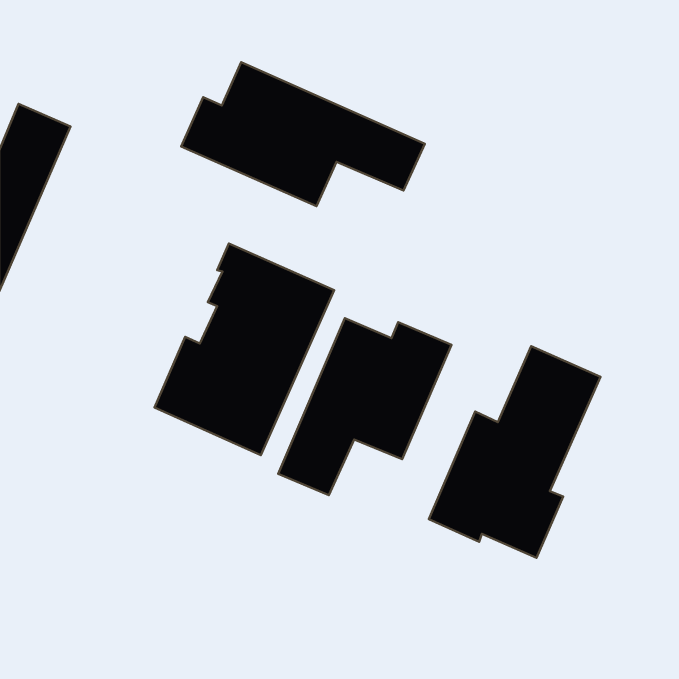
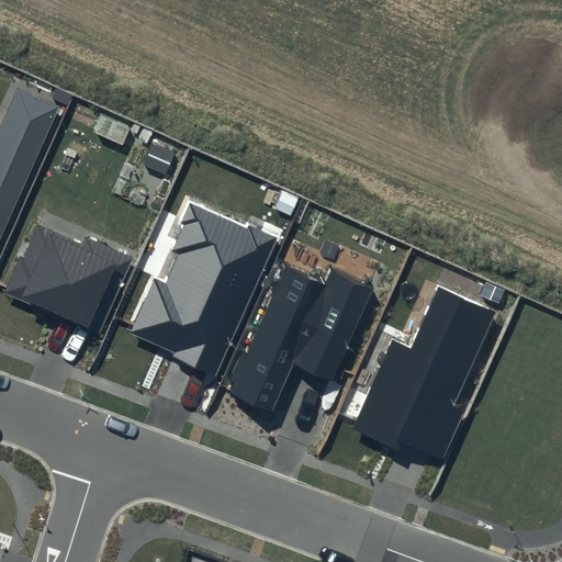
building: [181,62,425,206] -> none
building: none -> [5,222,132,333]

